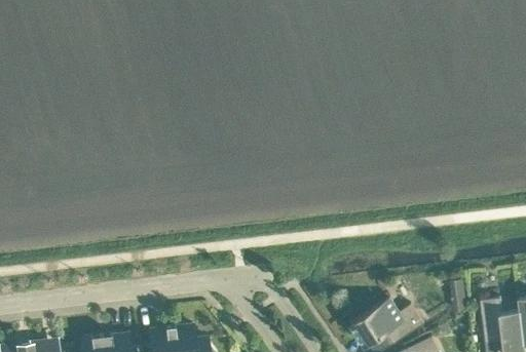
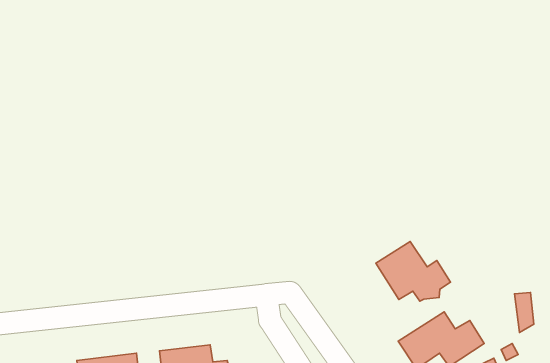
building: none -> [376,241,450,301]

